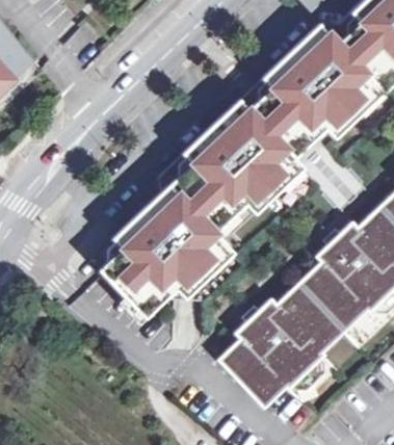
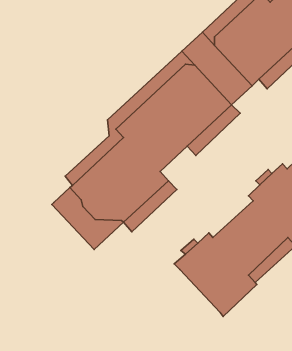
building: [214,341,281,410] -> none

